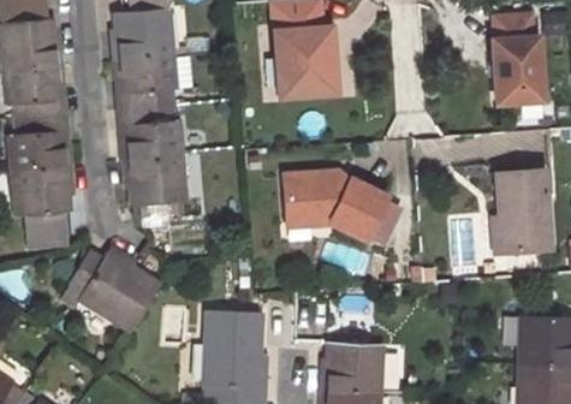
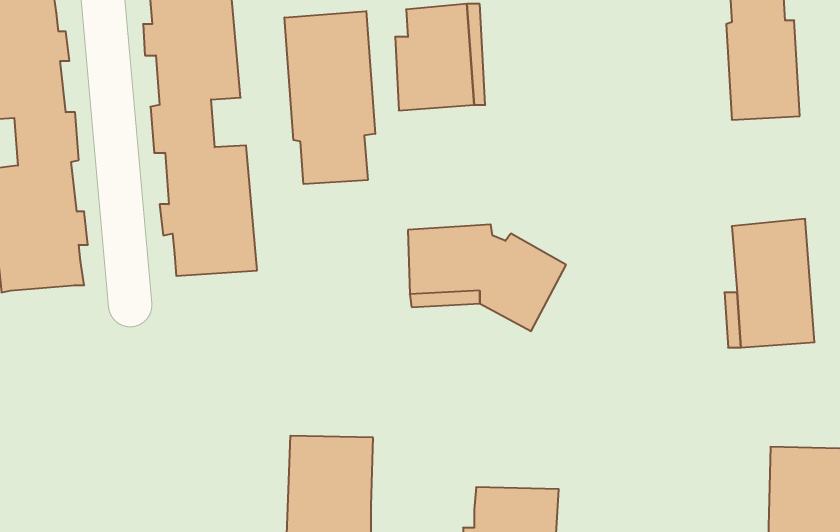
building: none -> [285,11,375,184]
building: [25,210,70,248] -> none
building: [71,249,163,331] -> none

